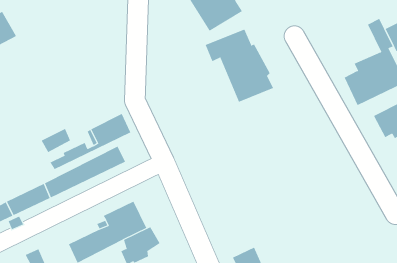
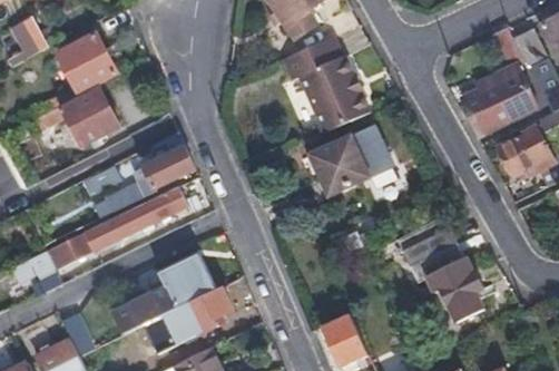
building: none -> [60,33,116,89]
building: none -> [63,87,118,141]
building: none -> [304,131,381,195]
building: none -> [373,215,482,321]

